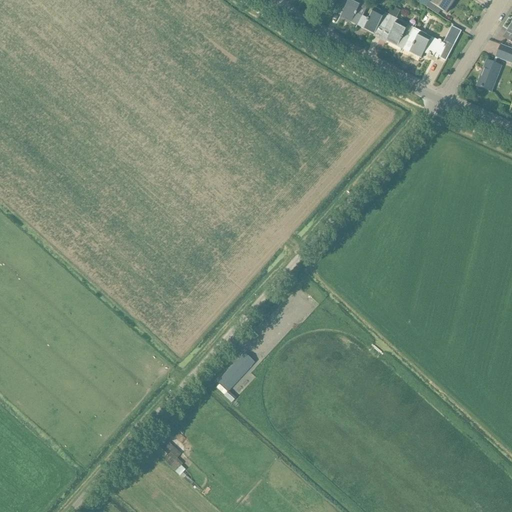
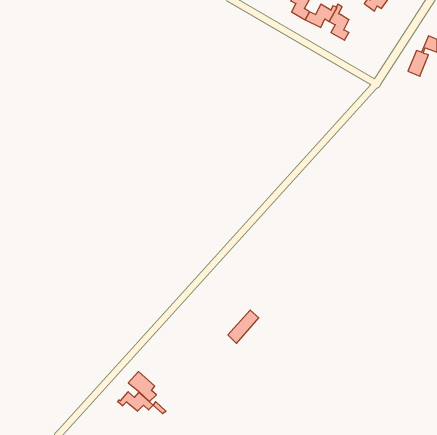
building: [403,24,462,59] -> none
building: [216,354,252,393] -> [228,310,259,343]
building: none -> [118,392,153,411]

